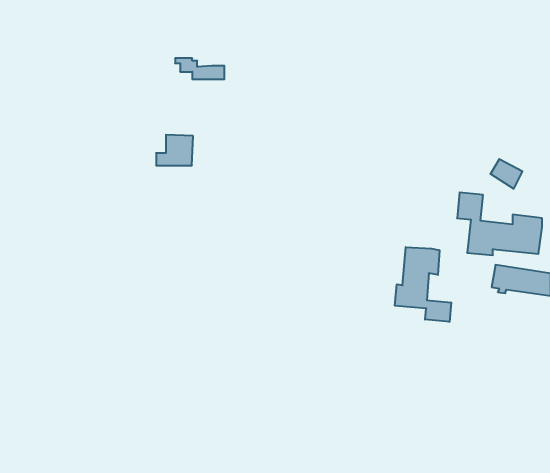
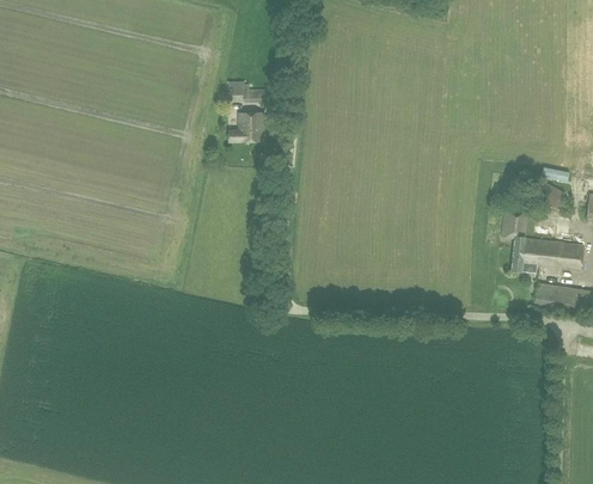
building: [156,135,193,165] -> [227,110,263,140]
building: [395,247,451,322] -> none

